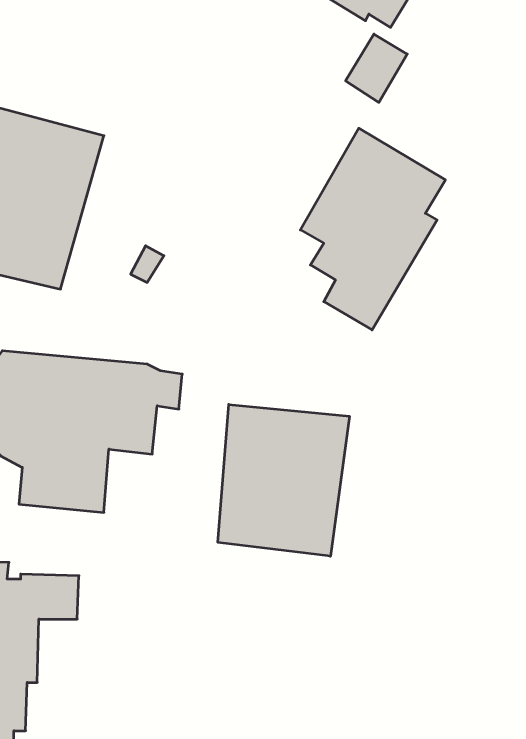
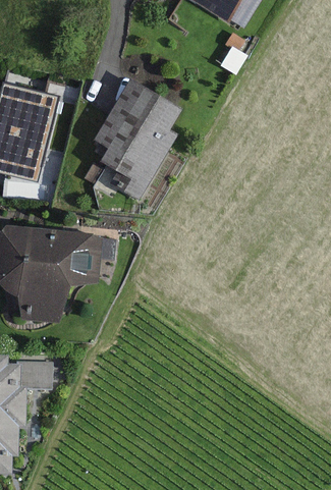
building: [300,128,445,330] -> [94,77,182,201]
building: [218,404,349,556] -> none

